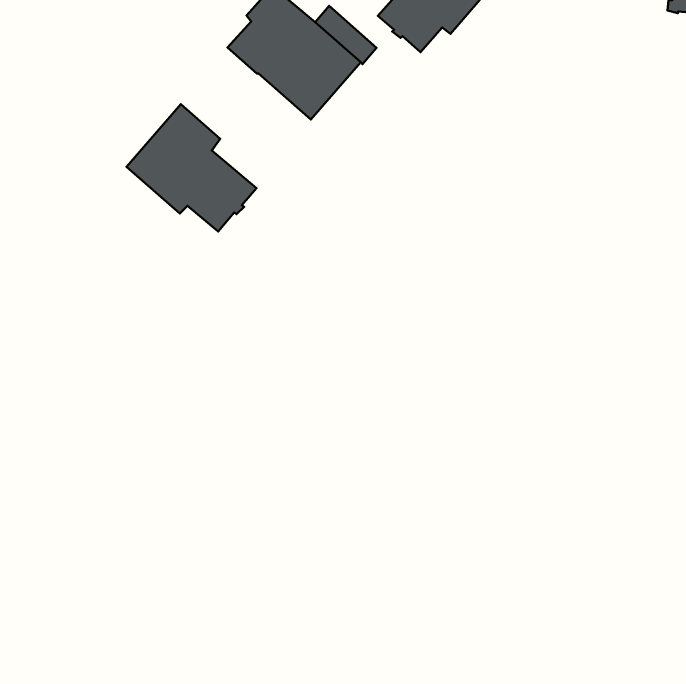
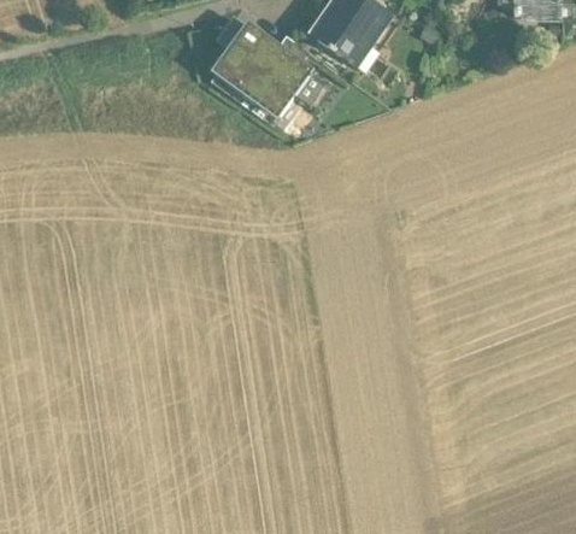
building: [126,104,256,232] -> none

